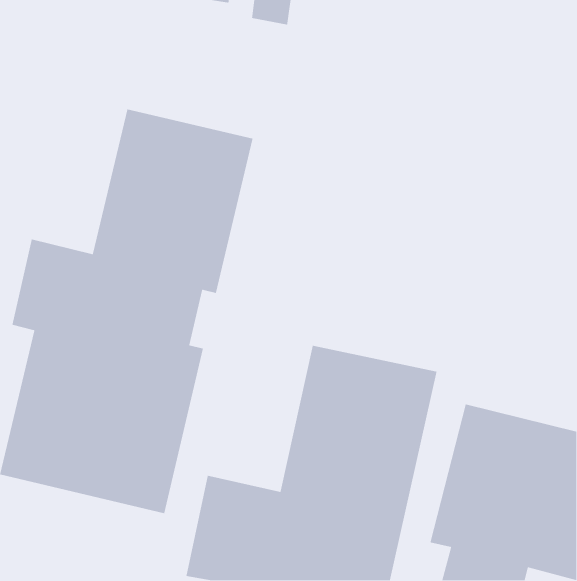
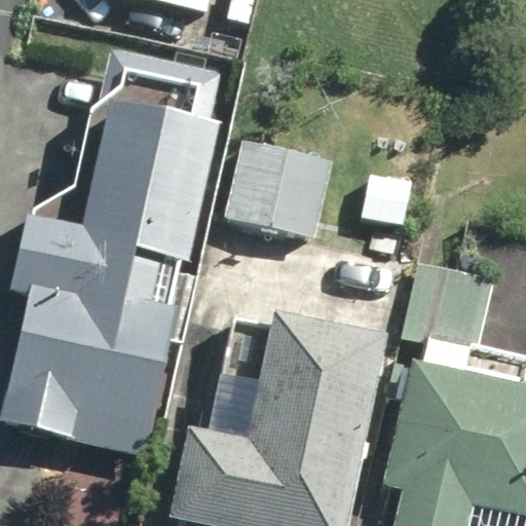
building: none -> [223,141,329,235]
building: none -> [396,259,490,350]

